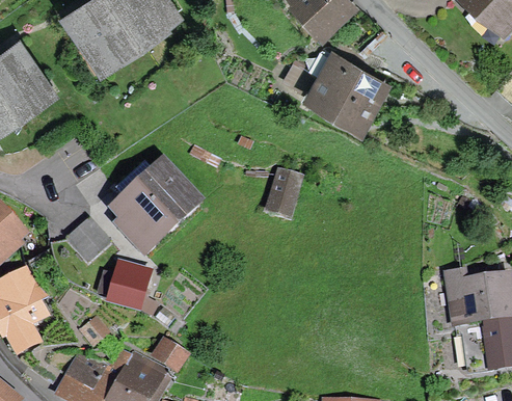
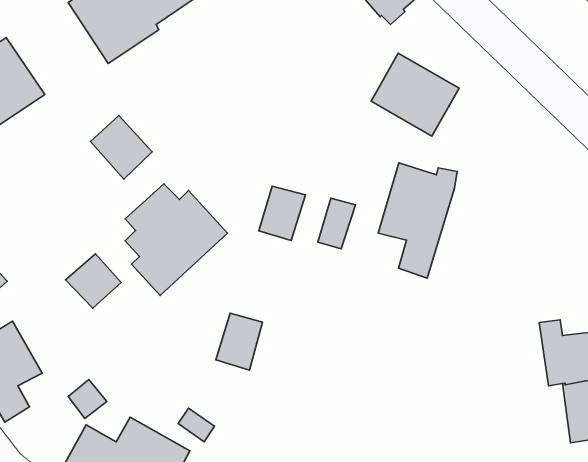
building: none -> [91,116,152,179]
building: none -> [378,163,457,278]
building: none -> [259,186,306,240]
building: [110,264,147,310] -> [216,313,263,370]

